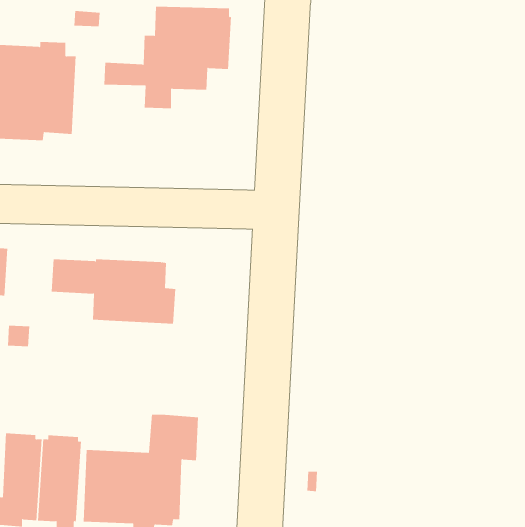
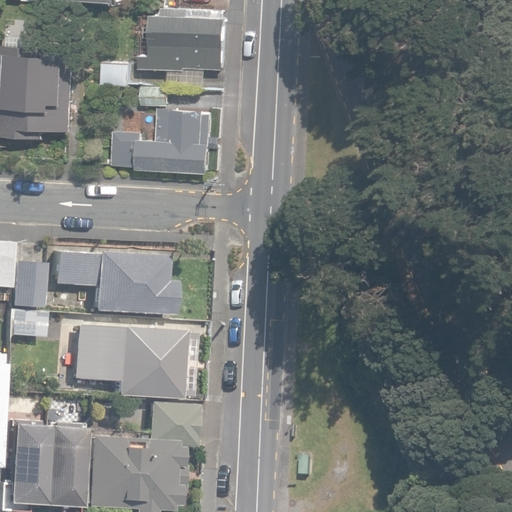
building: none -> [112,108,218,173]
building: none -> [6,261,39,308]
building: none -> [83,325,190,398]

